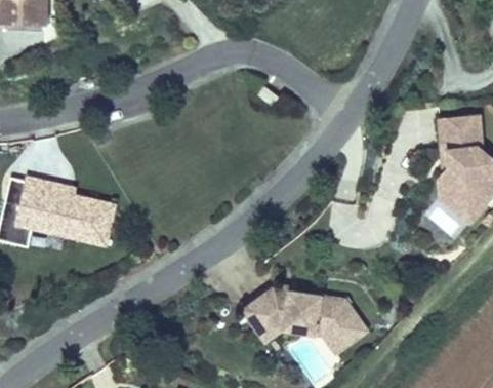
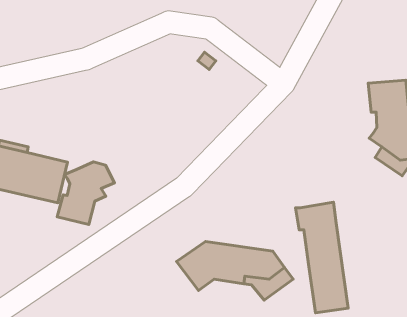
building: none -> [57,162,115,225]
building: none -> [296,202,348,313]

